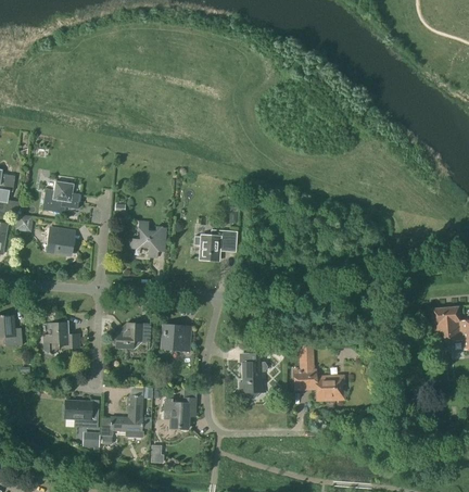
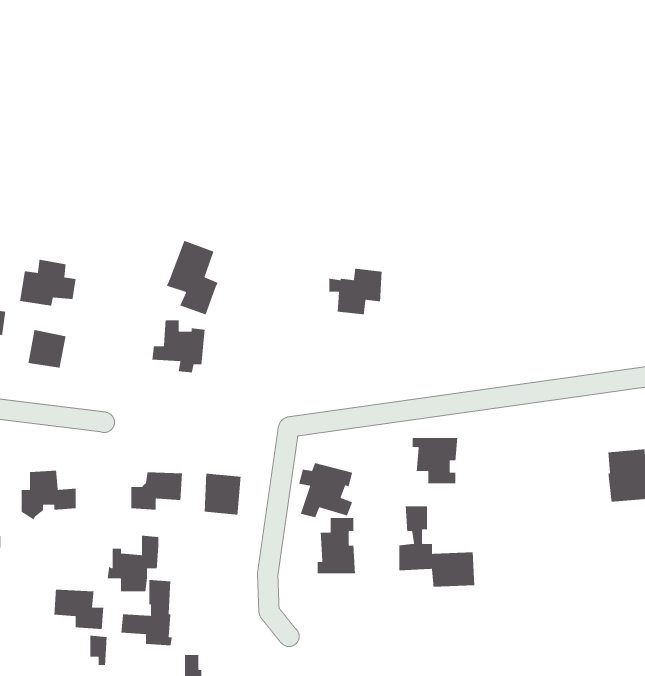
building: none -> [166,240,219,316]
building: [194,229,230,261] -> [329,268,382,315]
building: none -> [412,437,458,484]
building: none -> [298,462,353,518]
building: [162,390,197,428] -> [107,535,159,592]

